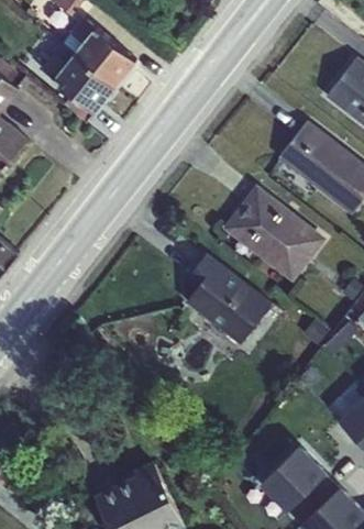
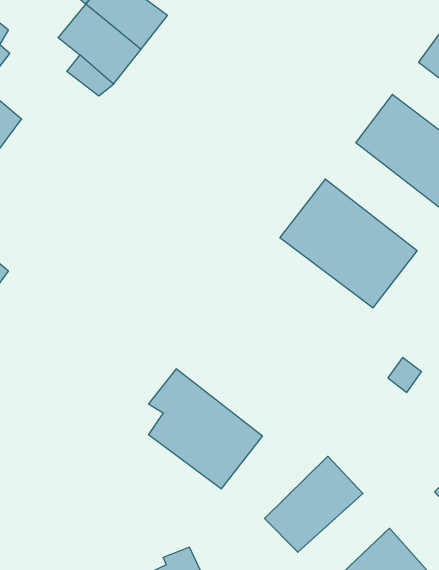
building: [185,253,271,343] -> [149,369,262,489]
building: none -> [265,456,363,552]

